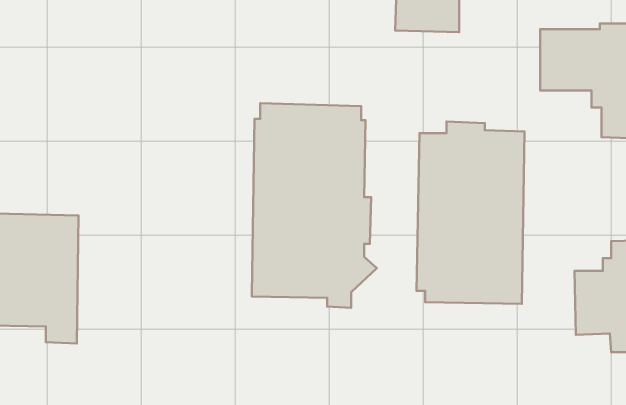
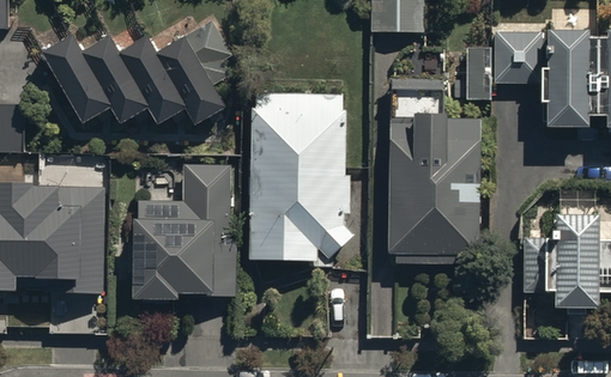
building: none -> [43,20,242,123]
building: none -> [132,164,238,294]

